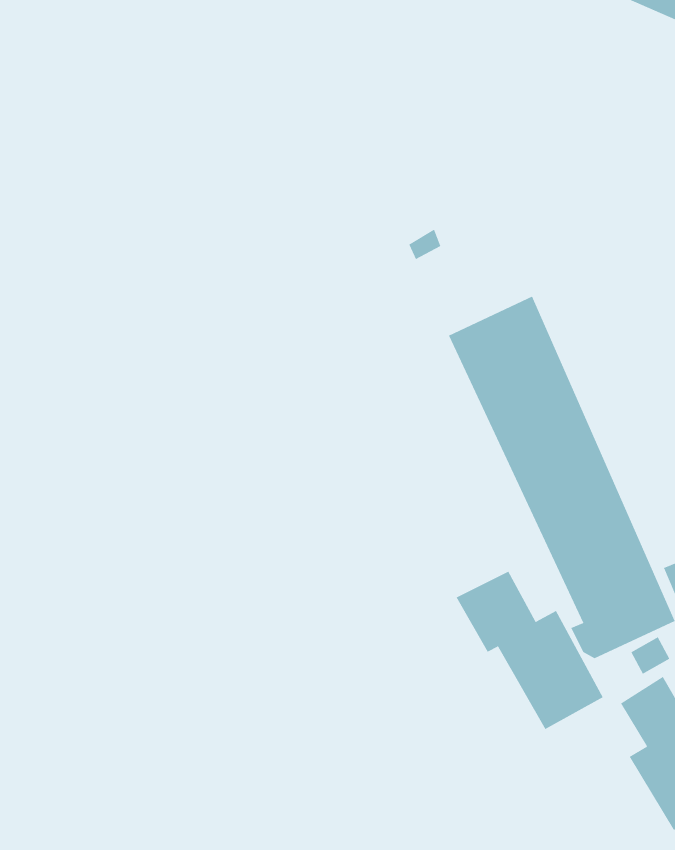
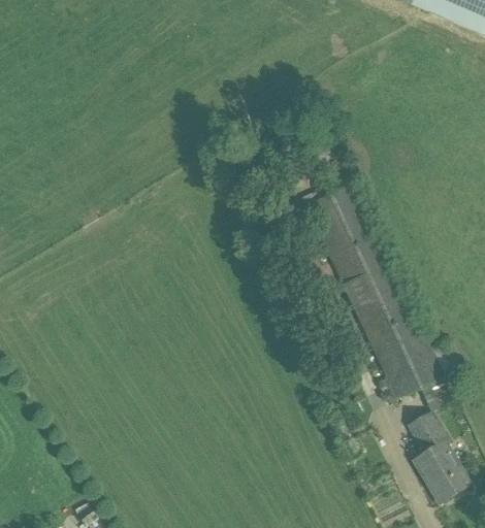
building: [456,571,603,730] -> none

